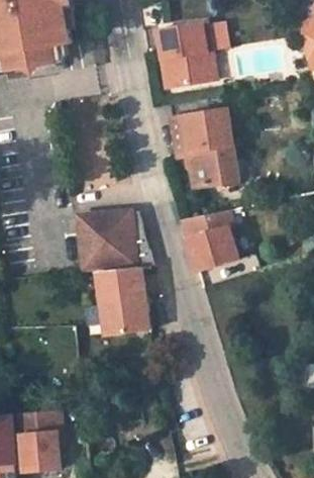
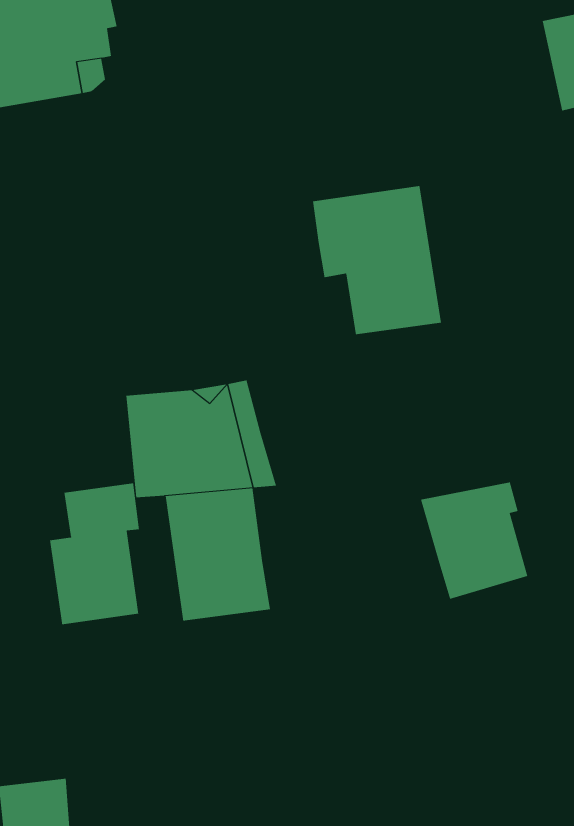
building: [160,23,217,90] -> none
building: [185,210,240,271] -> [420,482,528,600]
building: none -> [50,482,139,625]

